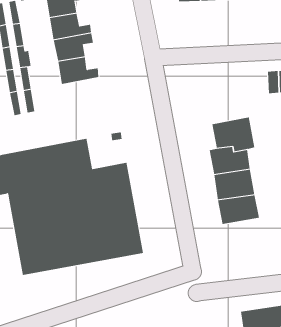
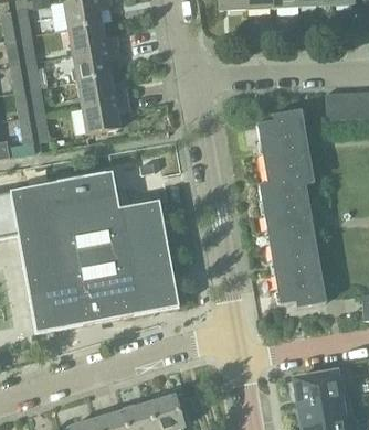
building: none -> [82,98,128,133]
building: none -> [256,109,306,154]
building: none -> [273,266,325,309]

